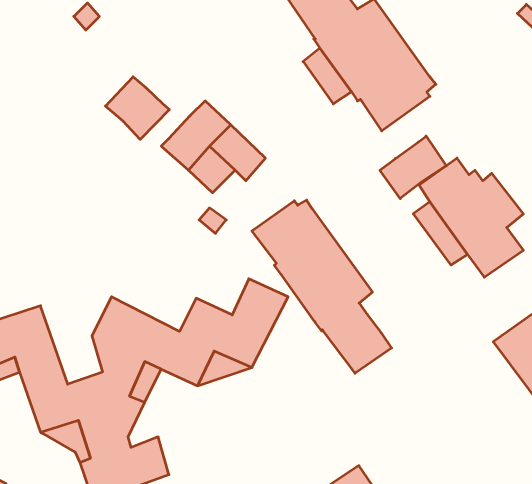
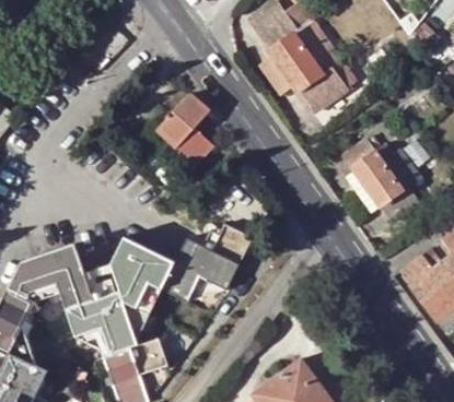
building: [105,77,169,139] -> none
building: [380,136,446,199] -> none
building: [252,200,392,373] -> none

